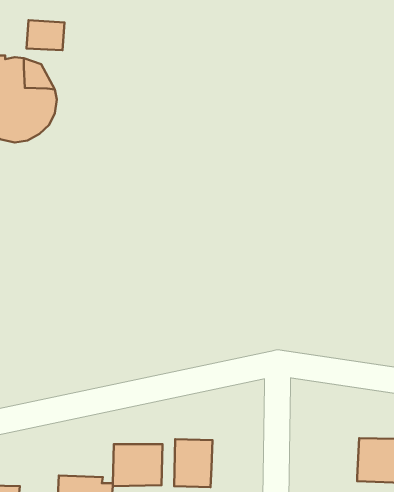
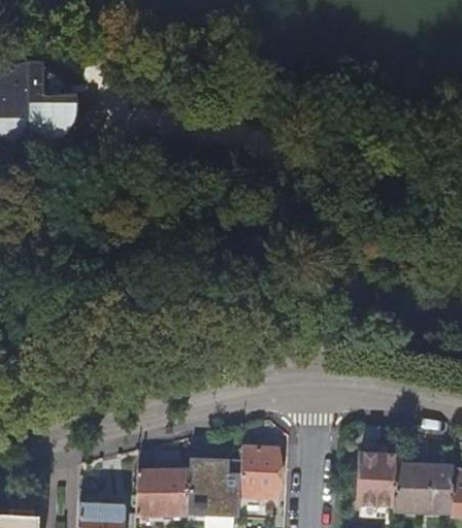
building: [27,20,64,50] -> none
building: none -> [230,447,268,496]
building: none -> [349,454,387,505]

